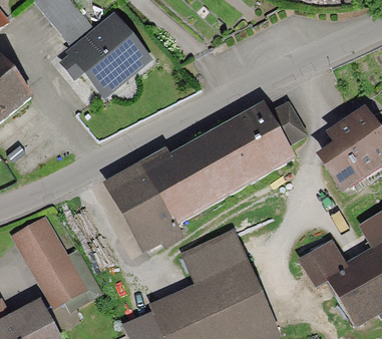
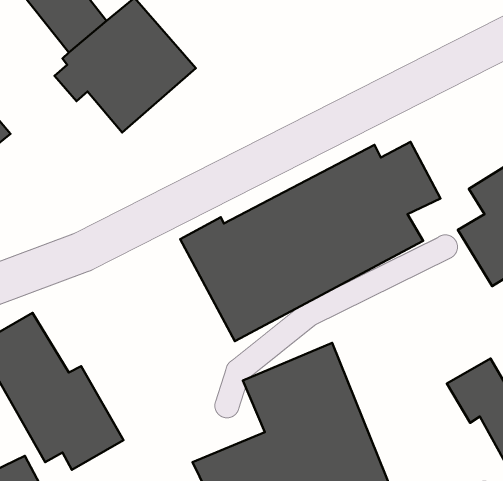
building: [99,163,179,258] -> none

